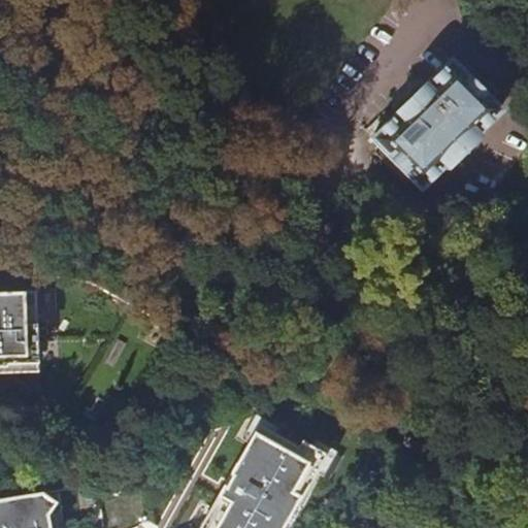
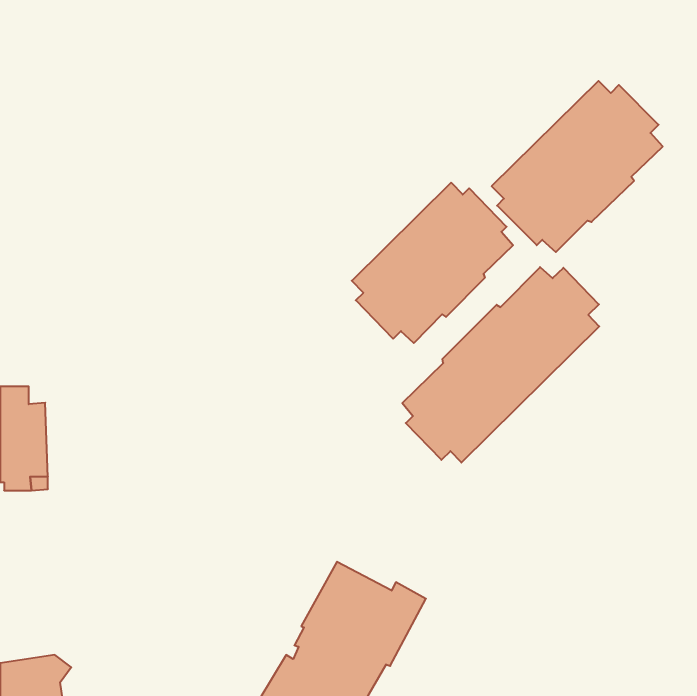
building: none -> [352,183,513,343]
building: none -> [402,267,599,463]

